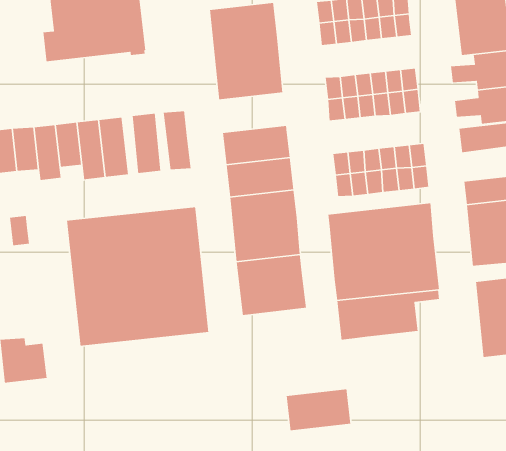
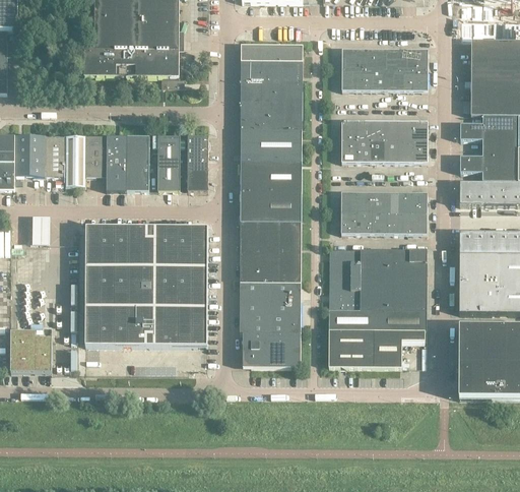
building: none -> [241,130,302,161]
building: [286,389,351,431] -> [243,333,301,367]

